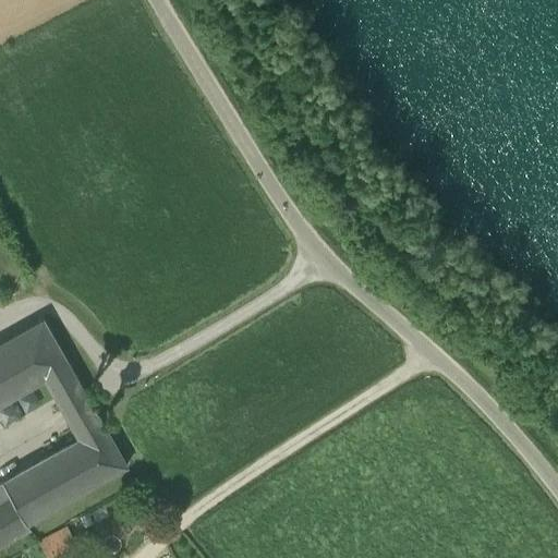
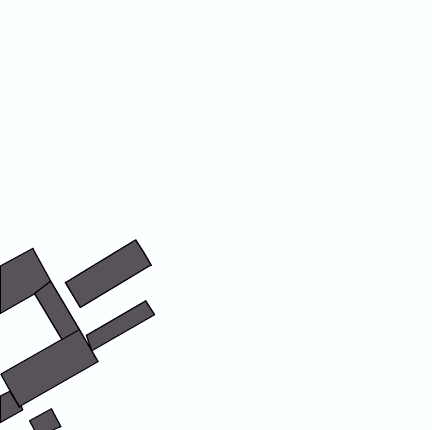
building: none -> [65,240,151,307]
building: none -> [87,301,154,351]

